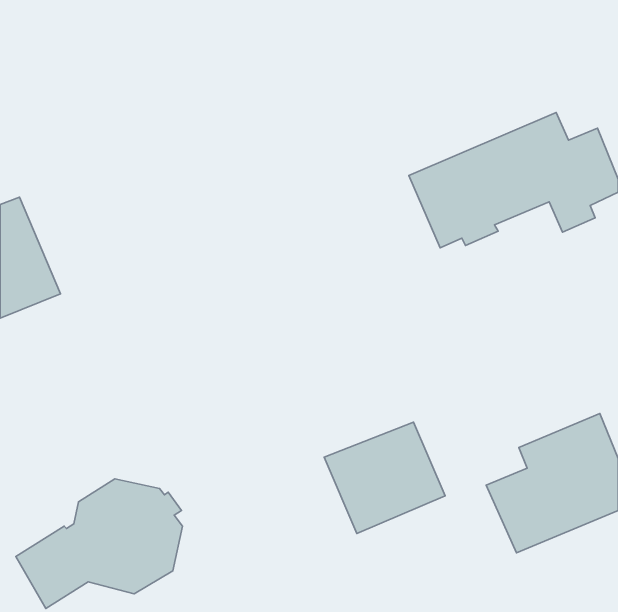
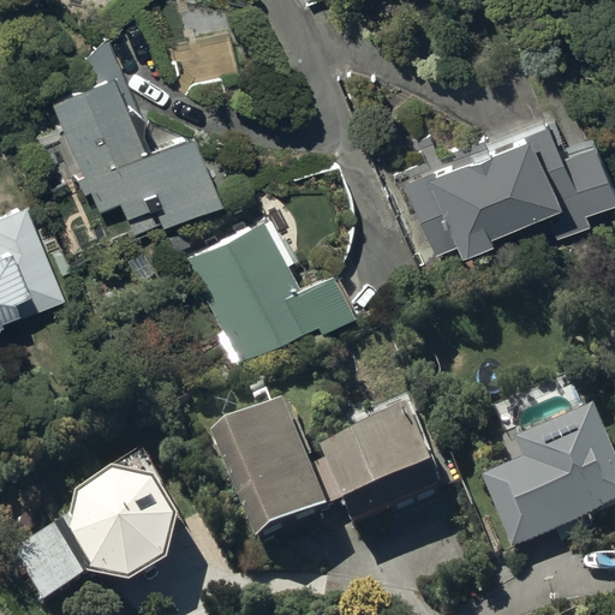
building: none -> [44,66,211,228]
building: none -> [181,208,345,354]
building: none -> [215,407,333,544]

